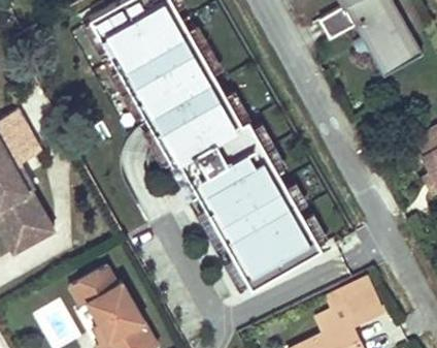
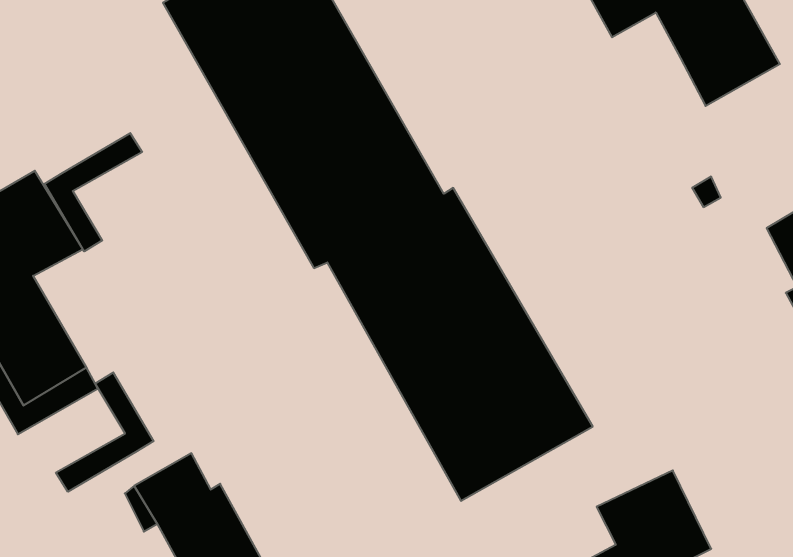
building: none -> [45,133,142,251]
building: none -> [56,372,154,492]

